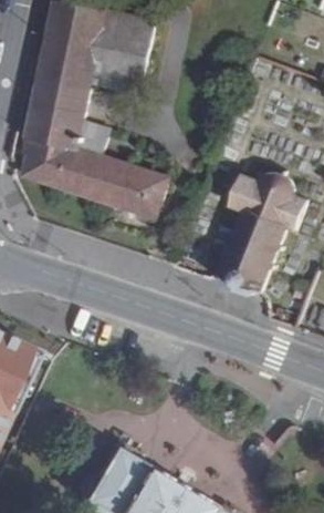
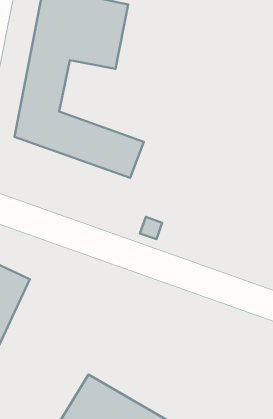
building: [220,165,313,297] -> none

